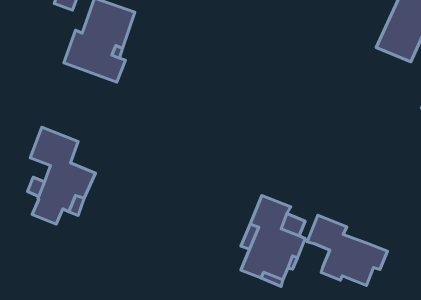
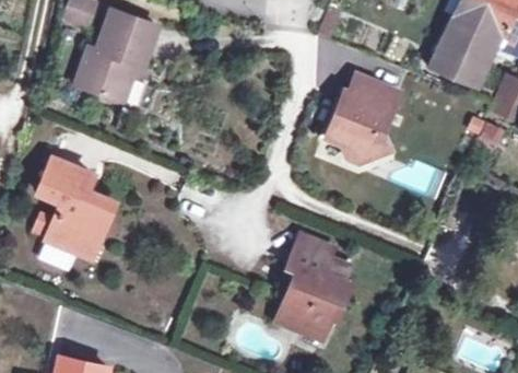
building: none -> [326,75,398,163]
building: [307,215,388,285] -> none

